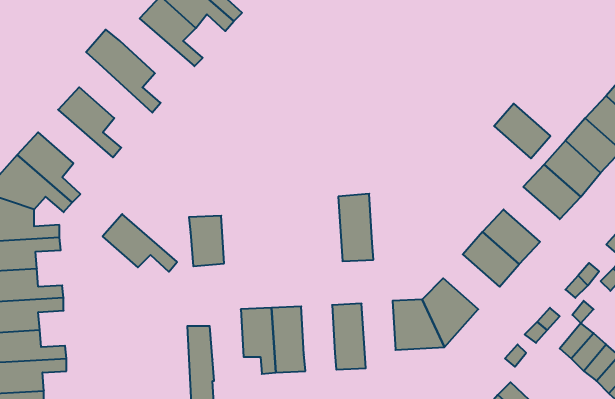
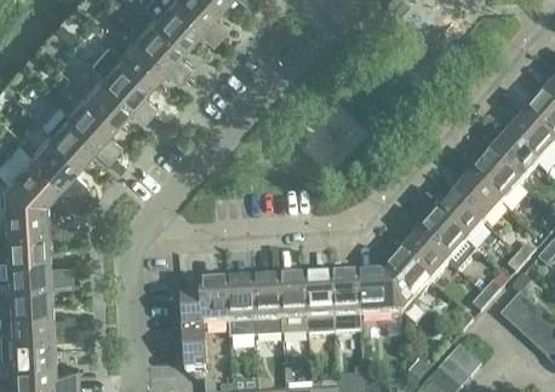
building: none -> [122,28,187,77]
building: none -> [87,67,150,117]
building: [494,104,550,158] -> [453,173,502,220]
building: [338,194,373,261] -> [331,271,361,329]
building: [103,214,177,272] -> [52,106,116,156]
building: [189,216,224,266] -> [199,278,229,322]
building: none -> [401,231,450,278]
building: none -> [279,275,308,317]

